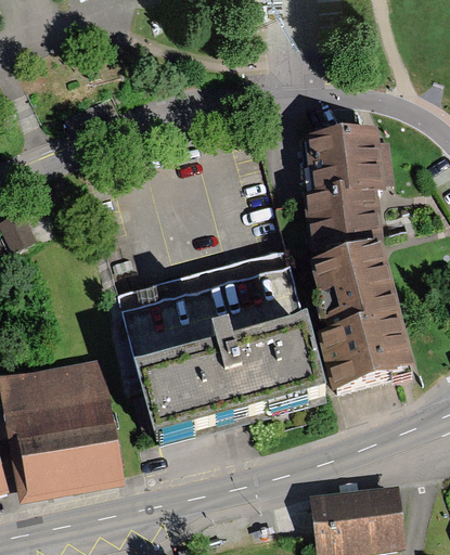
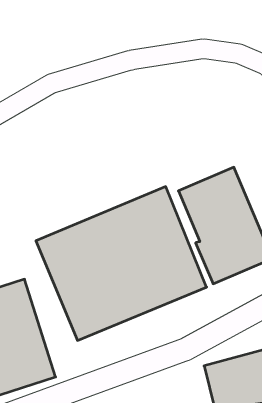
building: [304,131,396,256] -> none

